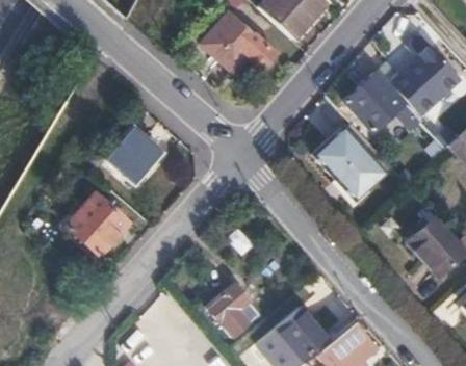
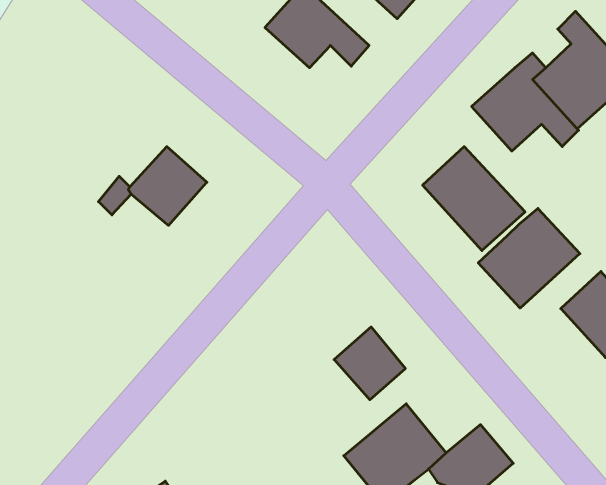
building: none -> [478,208,580,308]
building: [69,195,128,256] -> none
building: [210,286,260,337] -> [334,327,405,400]

